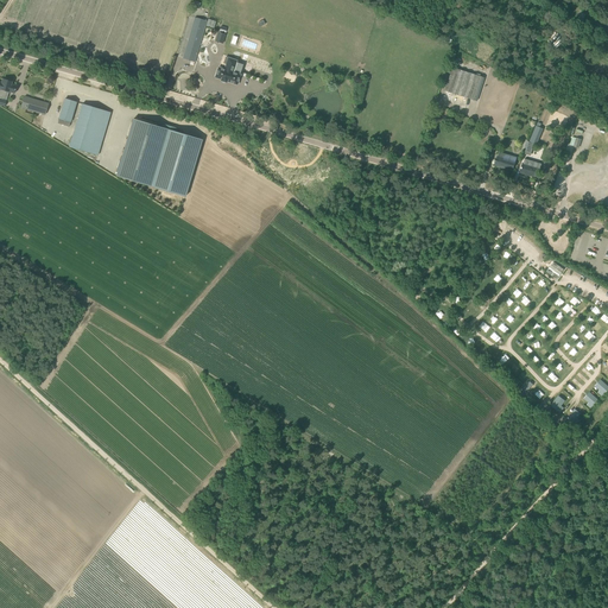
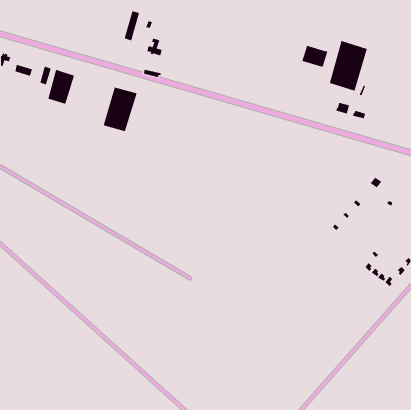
building: none -> [329,40,368,91]
building: [118,118,169,185] -> none

